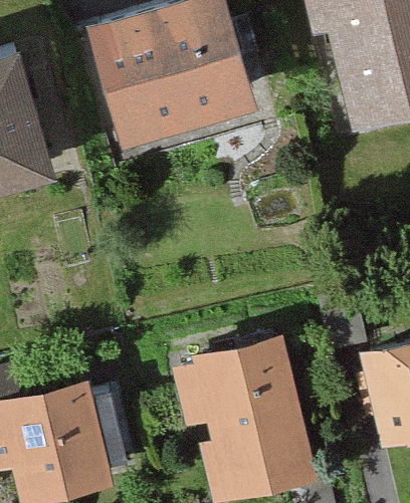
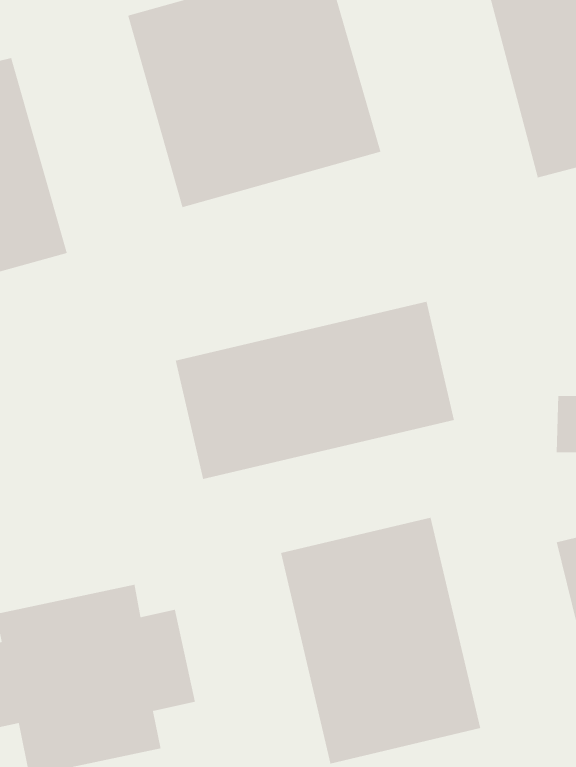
building: none -> [175,301,455,480]

